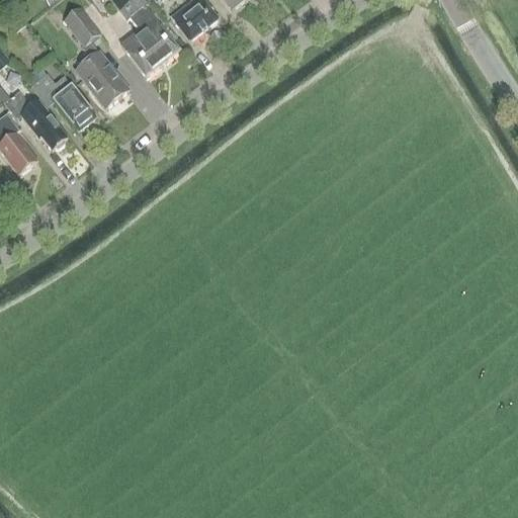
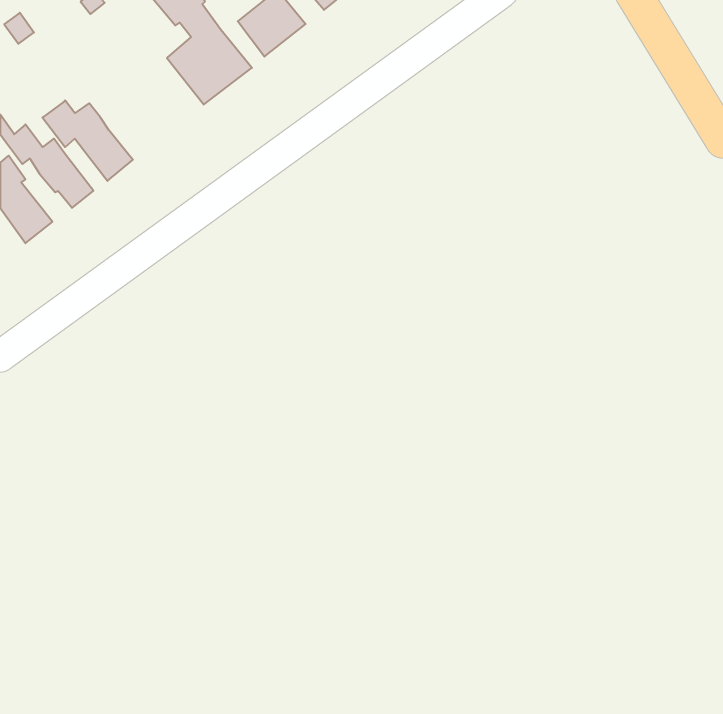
building: [64,6,128,107] -> none

